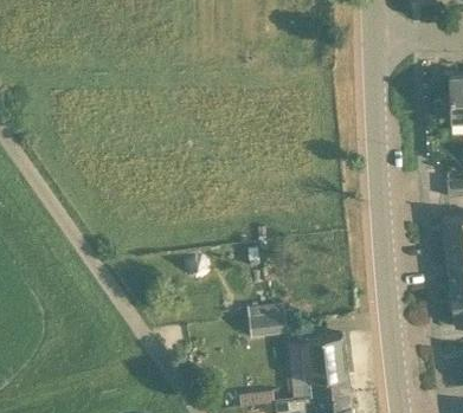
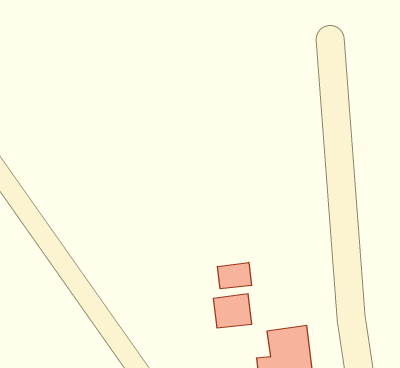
building: none -> [218,262,251,289]

